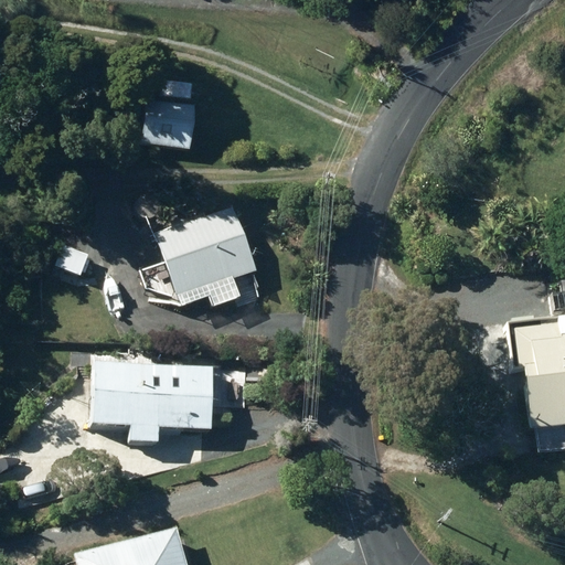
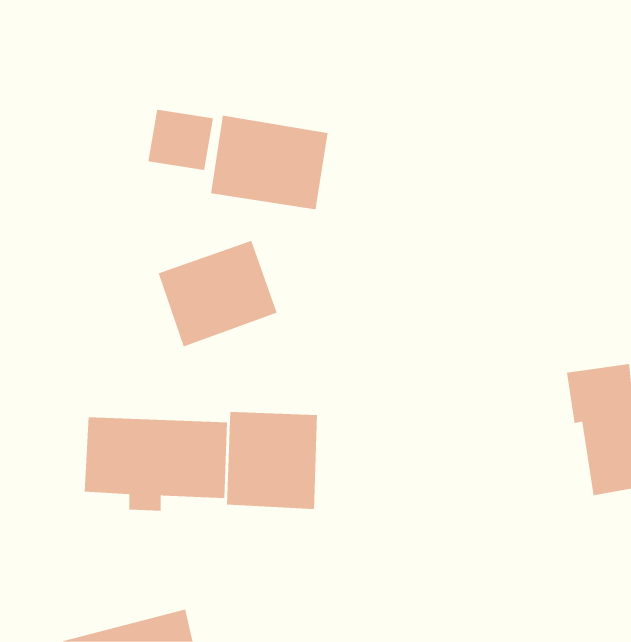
building: none -> [211,115,328,210]
building: none -> [226,411,318,510]

